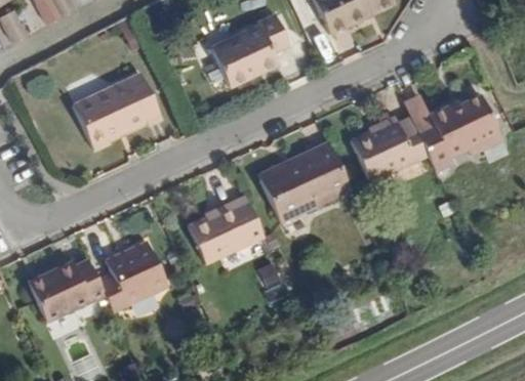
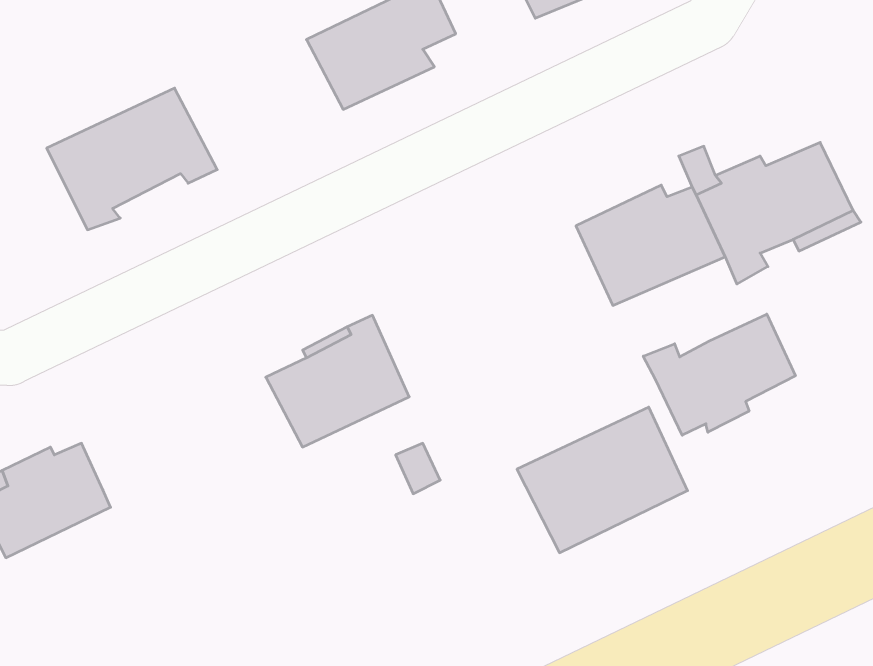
building: [258,144,349,221] -> [517,407,688,553]
building: none -> [643,314,795,435]
building: [102,242,170,309] -> none

